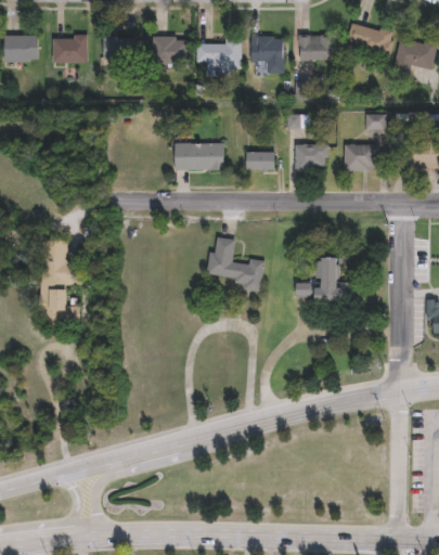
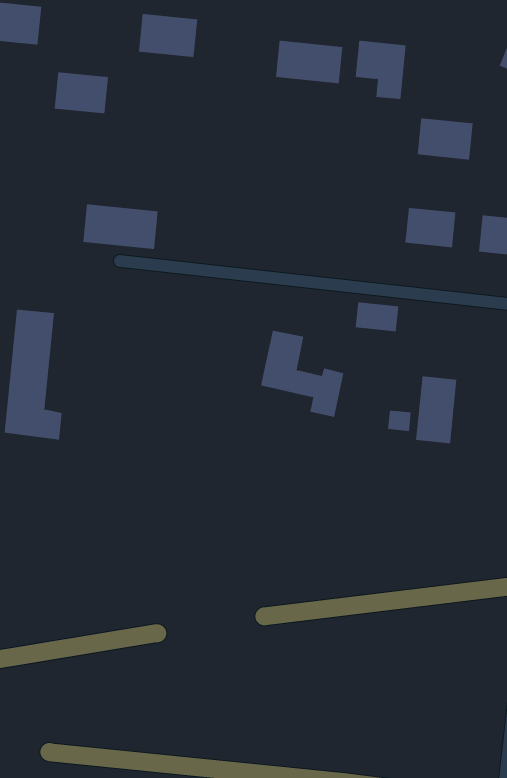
building: [298,36,334,61] -> [417,118,474,160]
building: [52,37,87,62] -> [54,72,109,114]
building: [152,37,188,63] -> none
building: [175,143,223,169] -> [82,204,159,250]
building: [246,152,274,169] -> [355,302,399,332]

